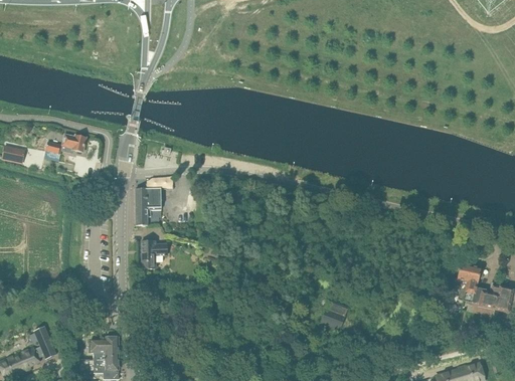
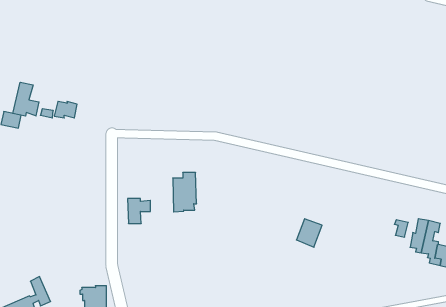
building: none -> [13,82,39,116]
building: [135,182,161,225] -> [173,173,197,212]
building: [320,299,348,330] -> [296,219,322,247]

